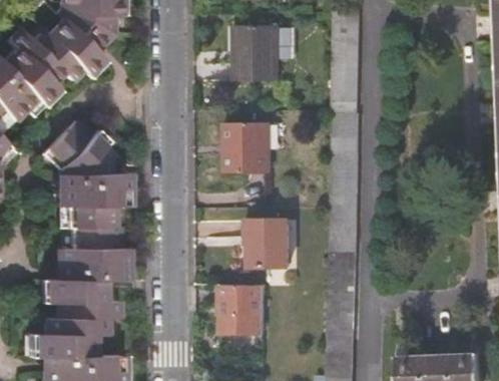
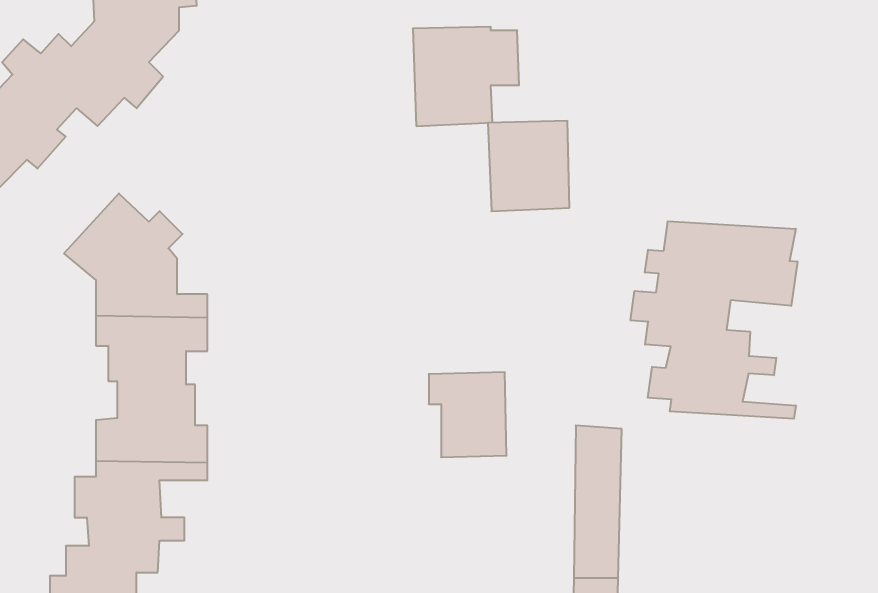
building: [226,123,273,174] -> [488,121,569,211]
building: none -> [631,221,797,419]
building: [223,285,265,334] -> none

